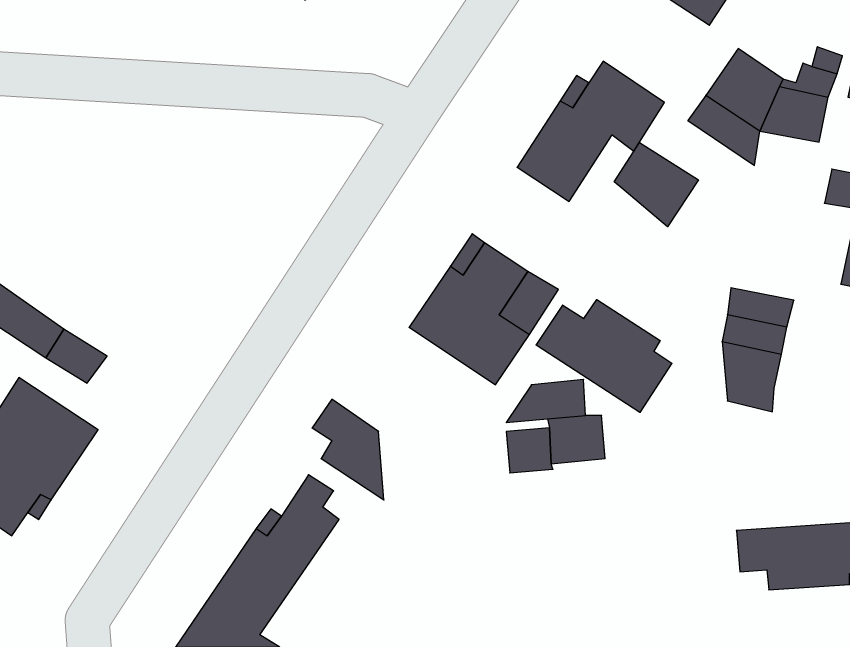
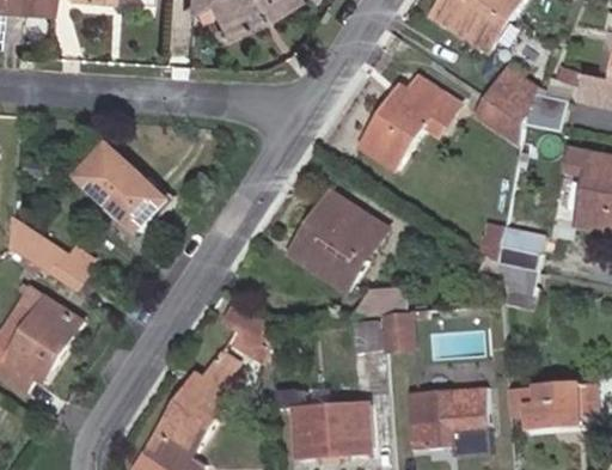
building: [614,142,698,227] -> none
building: none -> [80,146,167,232]
building: [536,300,672,412] -> none
building: none -> [408,385,491,454]
building: none -> [294,403,373,458]

